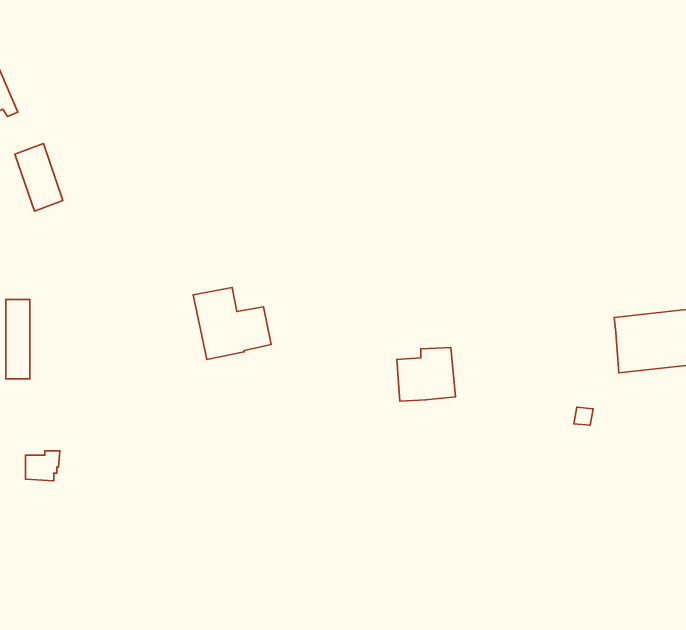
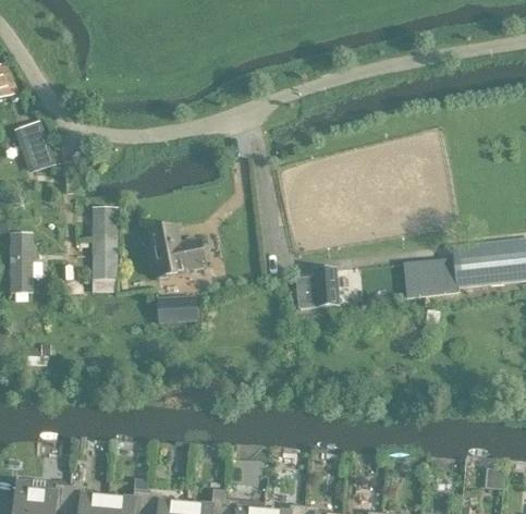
building: none -> [93,208,114,277]
building: none -> [403,257,456,296]
building: none -> [155,295,196,322]

